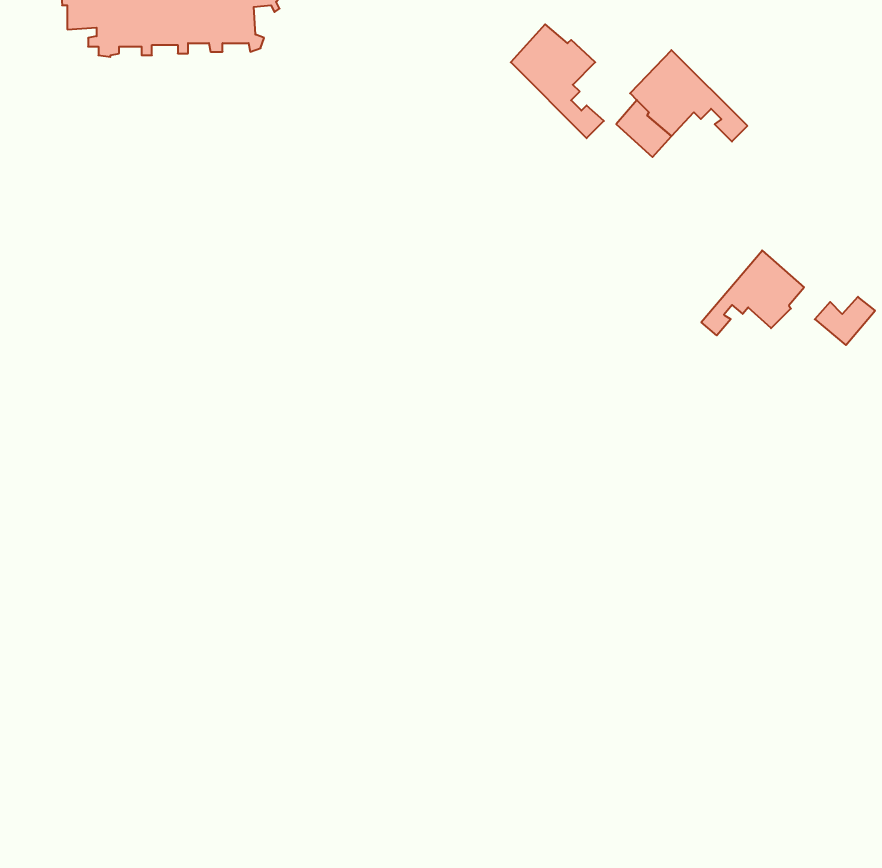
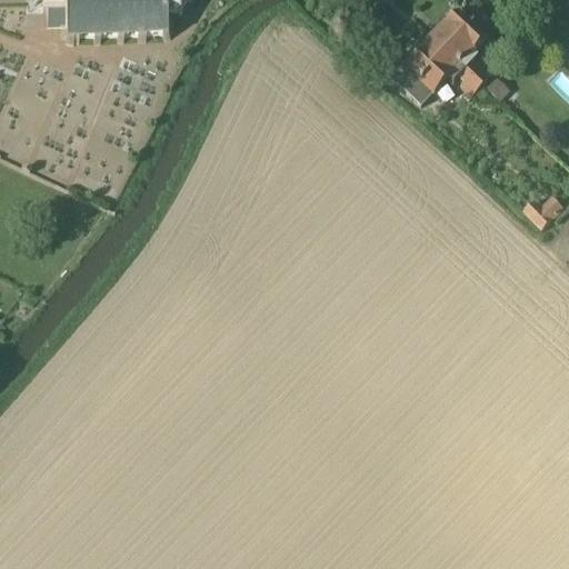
building: [511,24,604,138] -> [432,8,492,81]
building: [701,250,804,335] -> none

